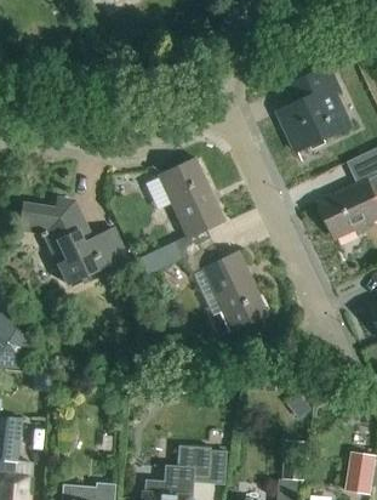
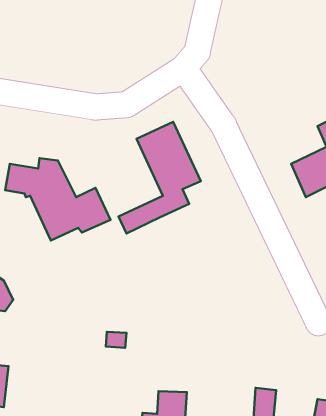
building: [279,66,347,152] -> none
building: [182,245,268,331] -> none

